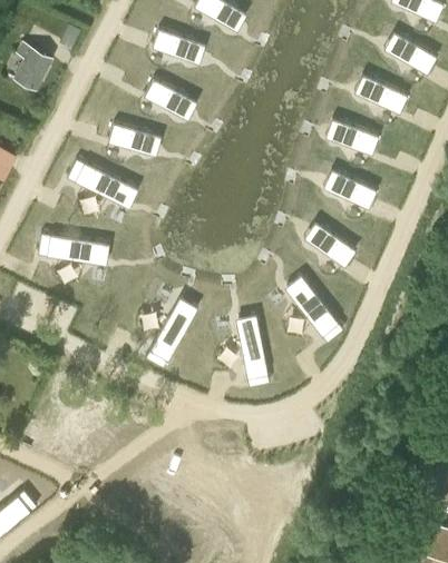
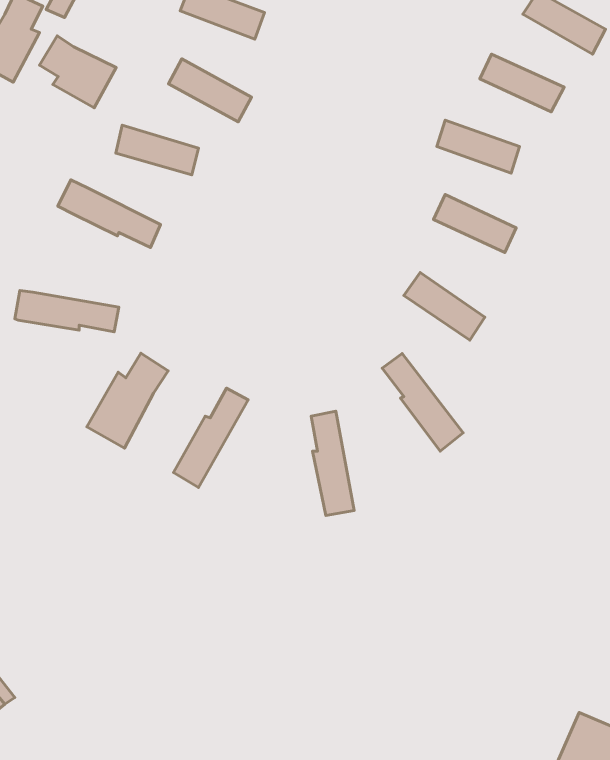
building: none -> [39,36,116,108]
building: none -> [87,353,168,448]

